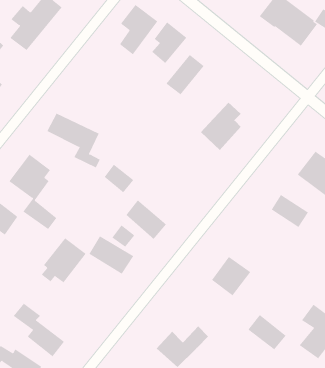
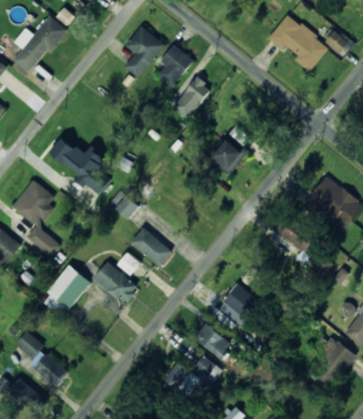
building: [247,314,287,350] -> [193,322,233,359]

